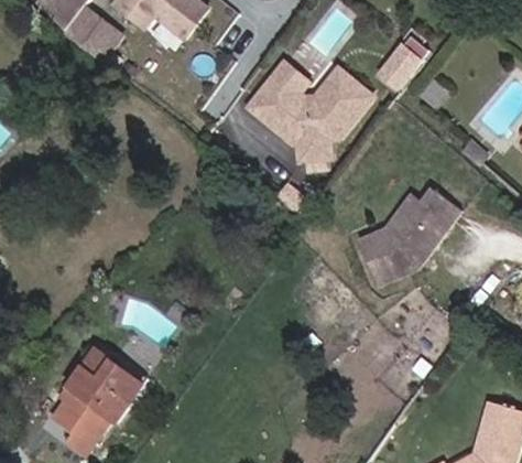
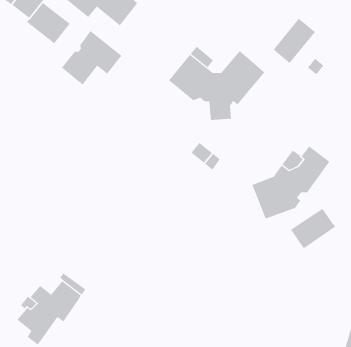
building: none -> [61,30,122,85]
building: none -> [290,208,336,249]

